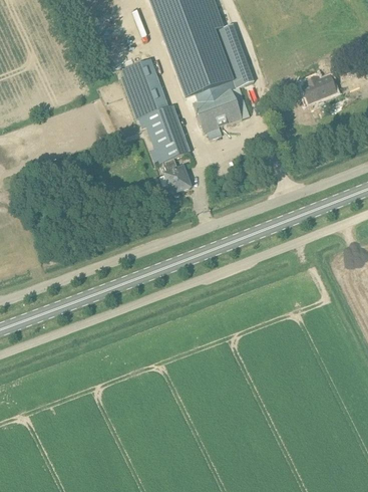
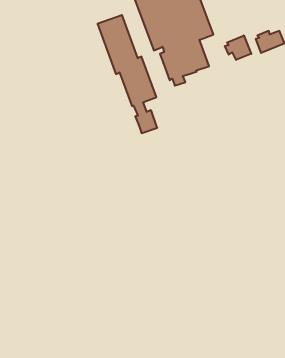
building: none -> [225,35,251,60]

